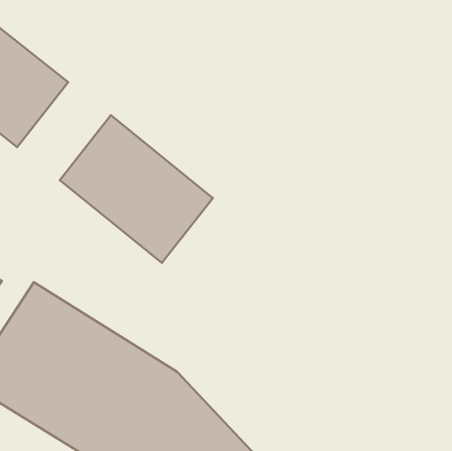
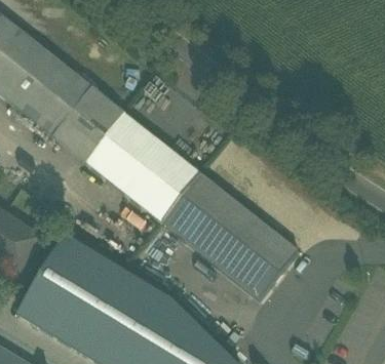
building: none -> [53,88,123,161]
building: none -> [161,174,297,299]

